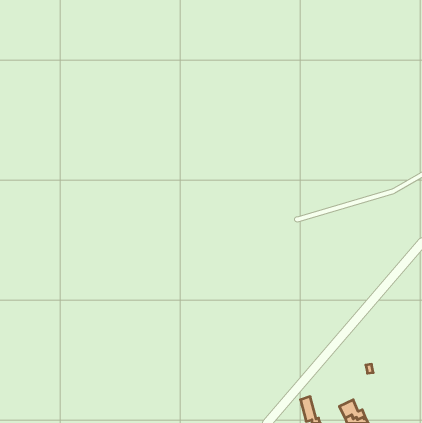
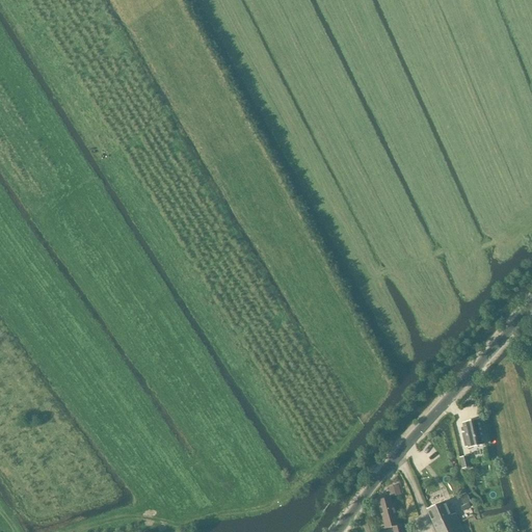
building: none -> [461,420,484,448]

